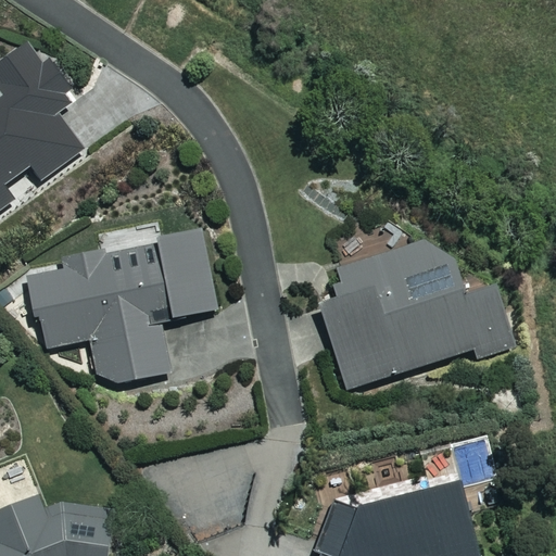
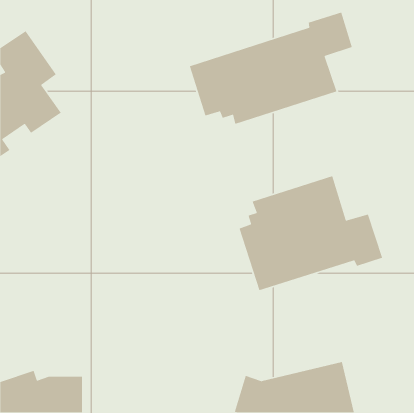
building: none -> [189,12,353,125]
building: [26,232,217,388] -> none

